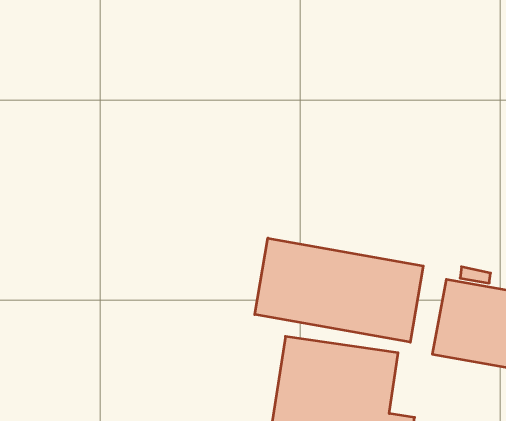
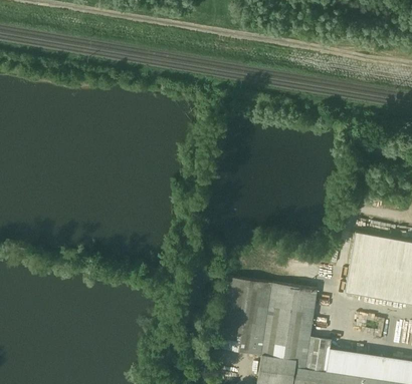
building: [255,238,423,342] -> none

